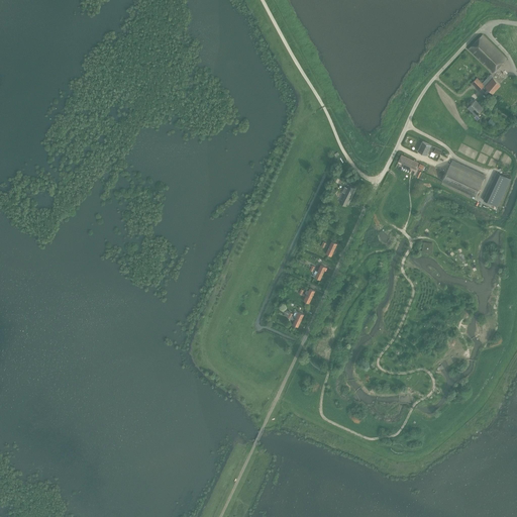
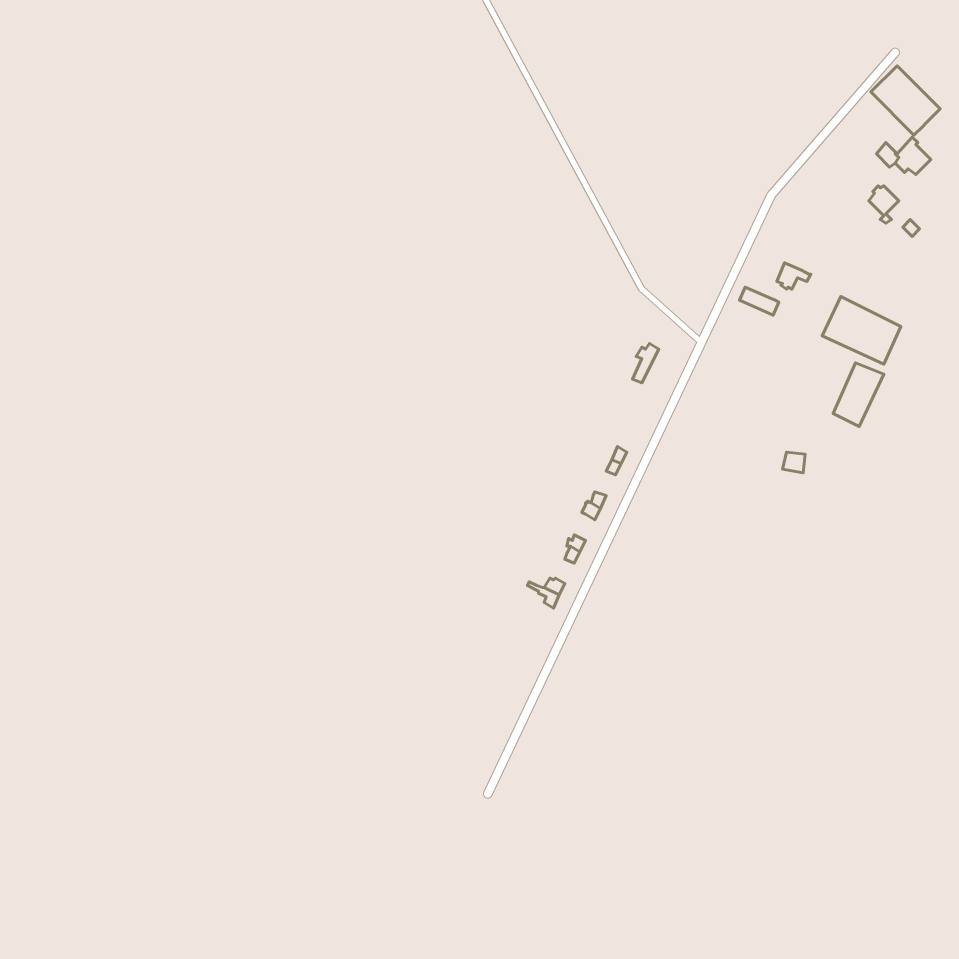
building: [484,173,511,207] -> [833,363,884,427]

